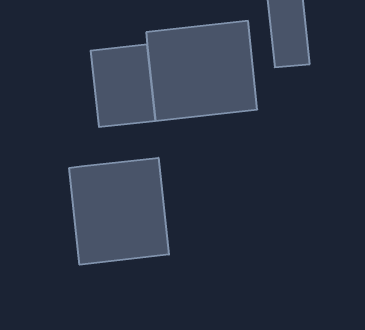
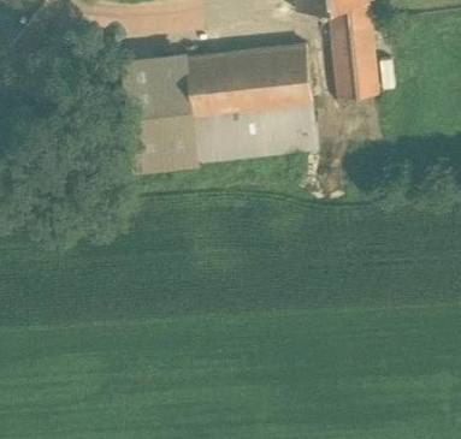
building: [69,158,169,265] -> none

